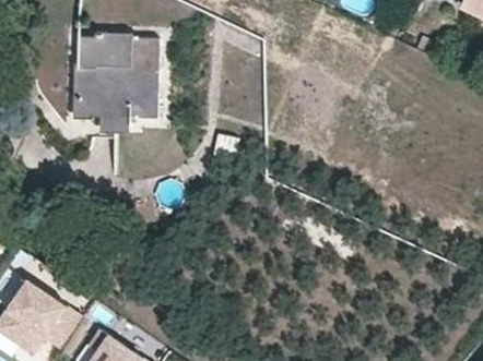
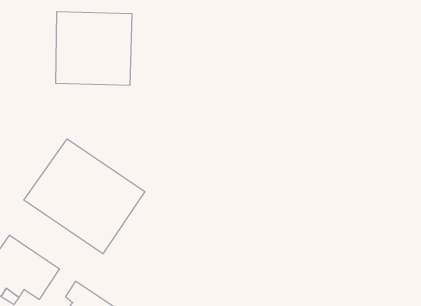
building: none -> [24,139,145,254]

